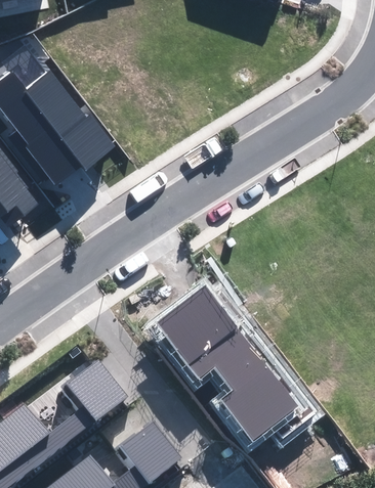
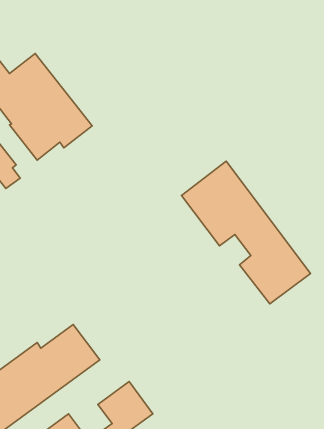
building: [159,286,298,440] -> [182,161,311,304]

